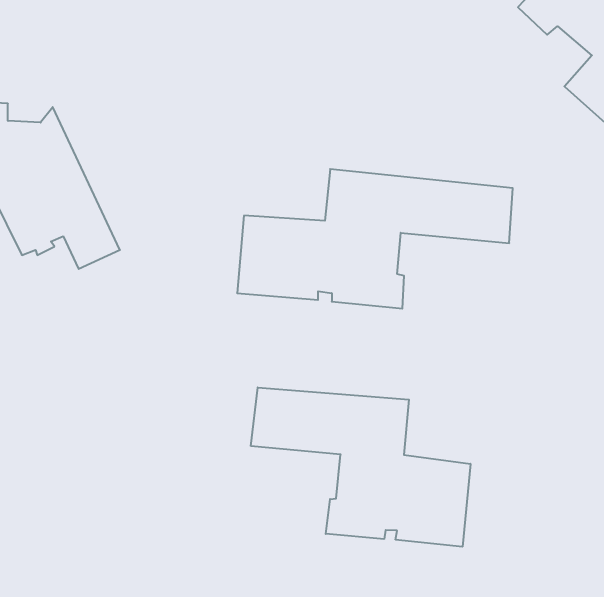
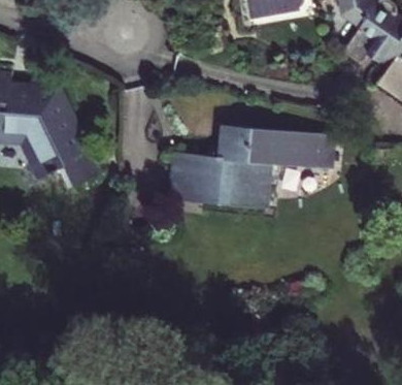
building: [251,387,470,547] -> none

